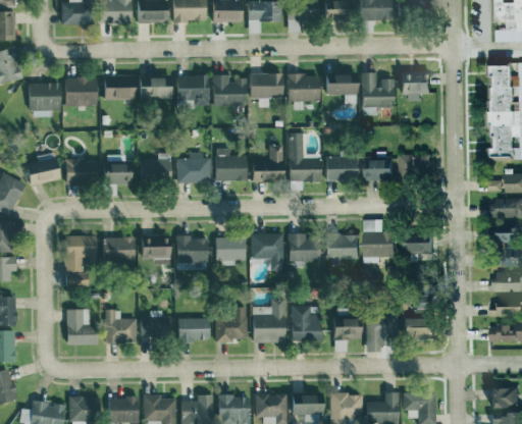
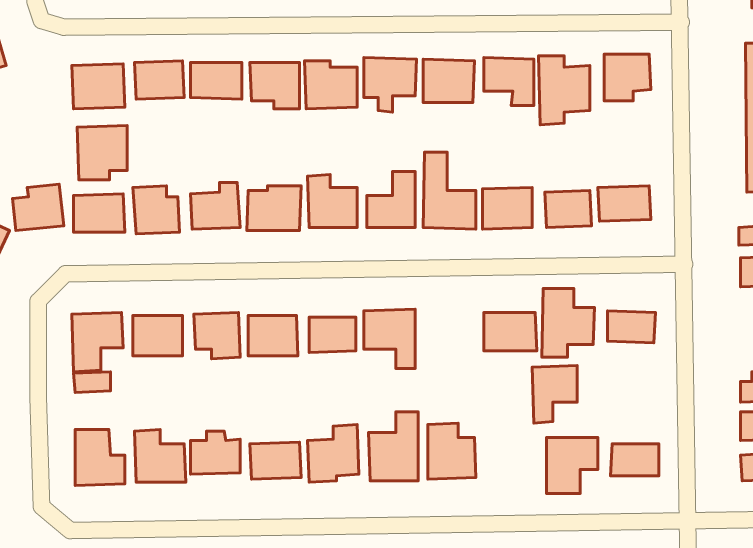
building: [29,83,60,117] -> [77,125,127,180]
building: [289,235,320,262] -> none
building: [333,316,362,353] -> [532,365,577,423]

